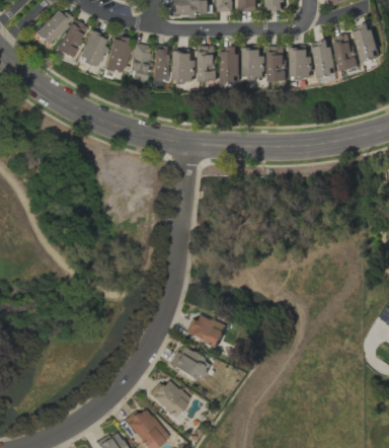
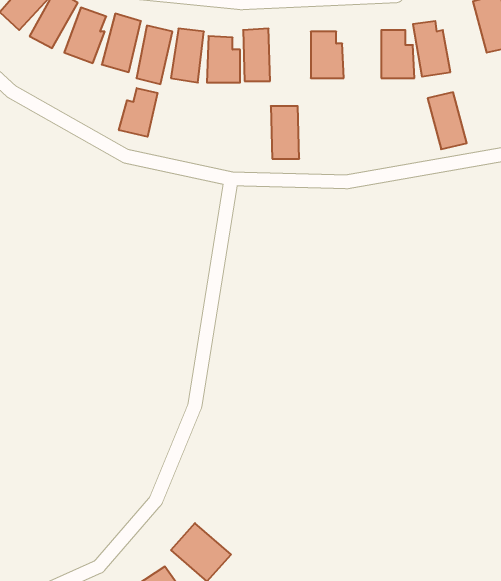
building: [333,32,360,71] -> [428,92,467,149]
building: [268,46,287,81] -> none
building: [222,47,241,82] -> [271,106,299,159]
building: none -> [119,88,158,137]
building: [186,311,227,347] -> none
building: [169,347,210,382] -> none

